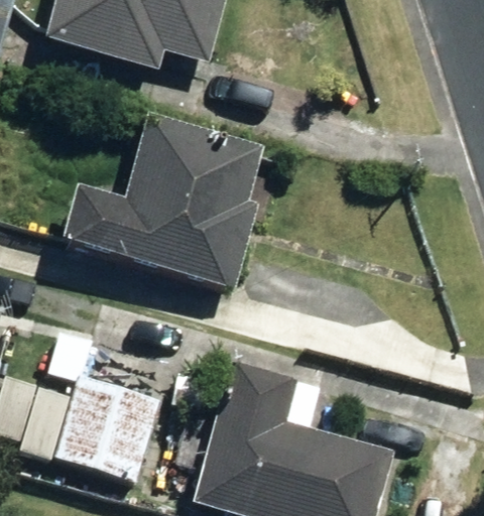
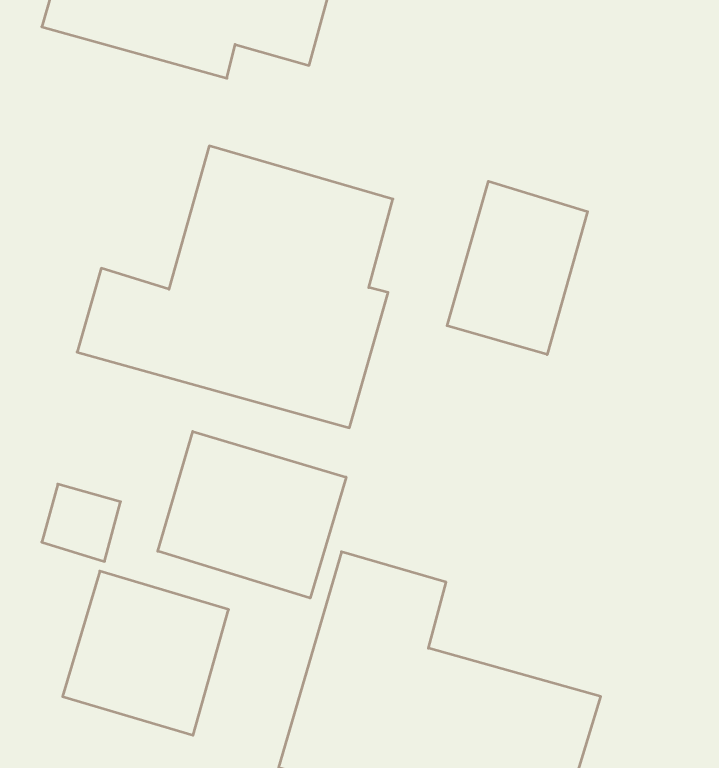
building: none -> [447,181,588,355]
building: none -> [158,431,346,598]

